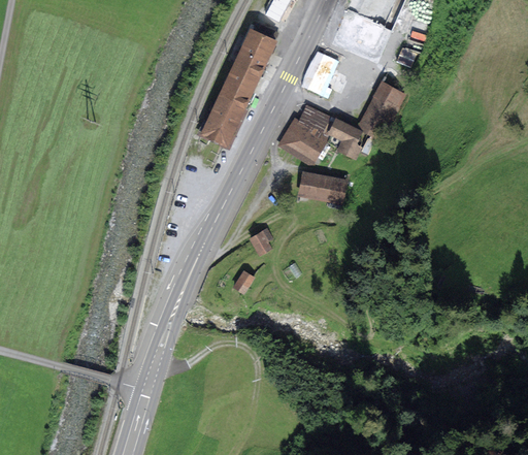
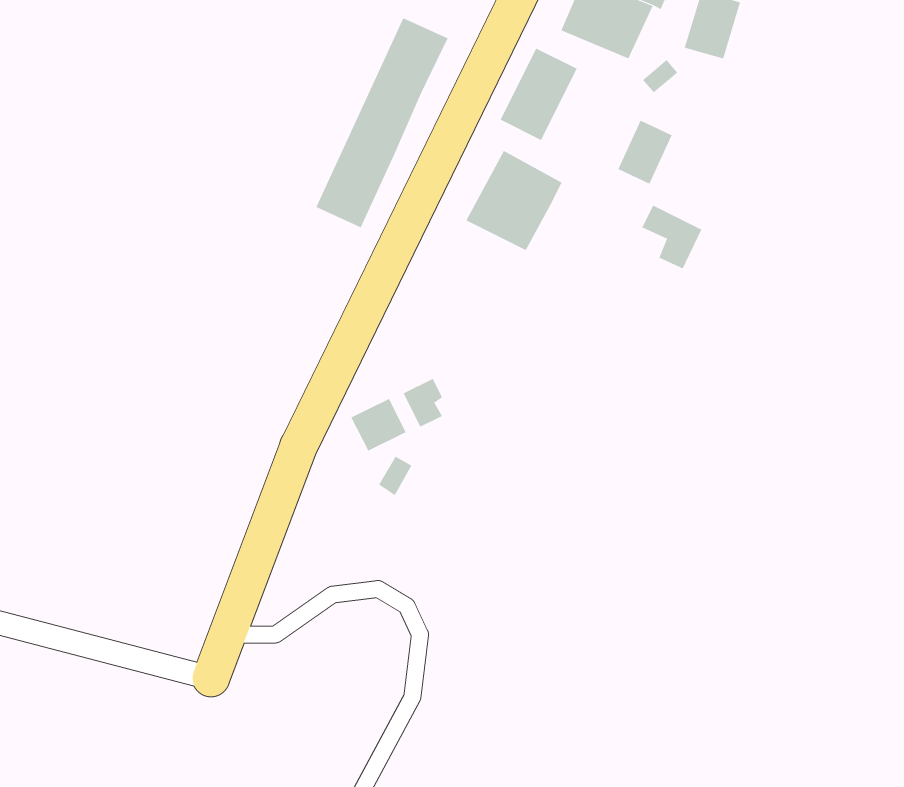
building: [329,122,362,157] -> [641,205,702,269]
building: [299,171,342,199] -> none
building: none -> [351,398,406,452]

